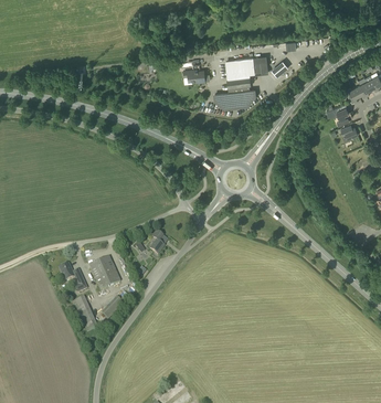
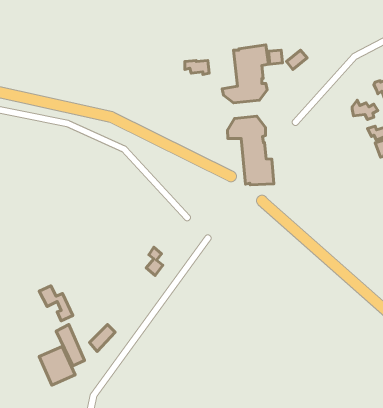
building: none -> [227,116,274,185]
building: [89,257,120,290] -> [39,346,75,385]

